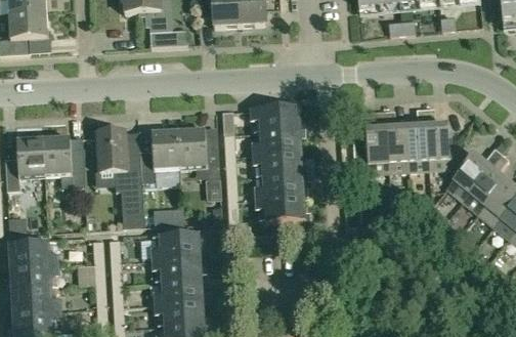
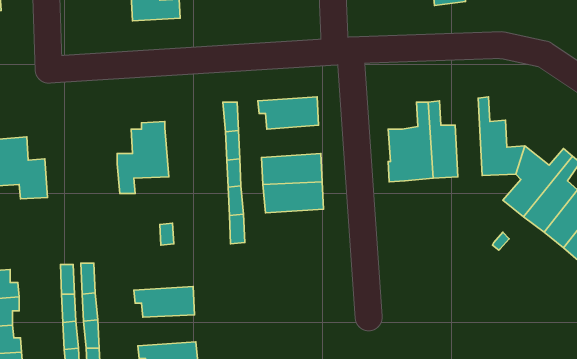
building: [407,106,429,168] -> none
building: [177,127,221,198] -> none
building: [253,127,301,153] -> none
building: [96,131,145,225] -> none
building: [257,194,305,219] -> none
building: [153,233,200,258] -> none
building: [155,278,202,302] -> none

